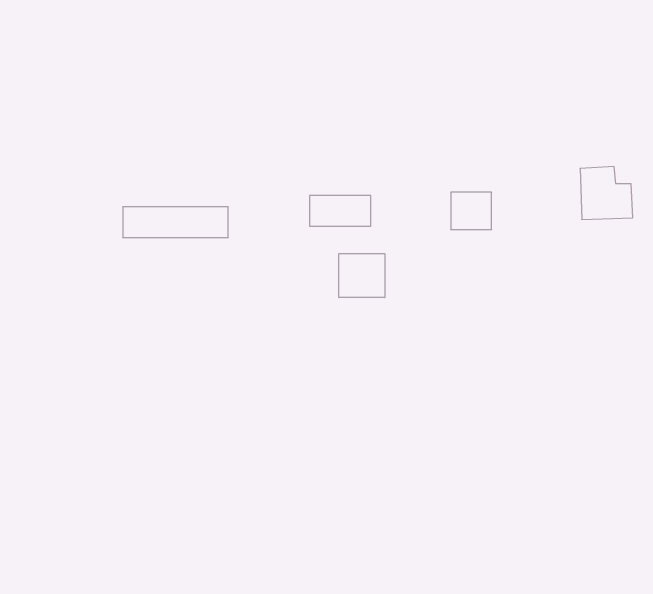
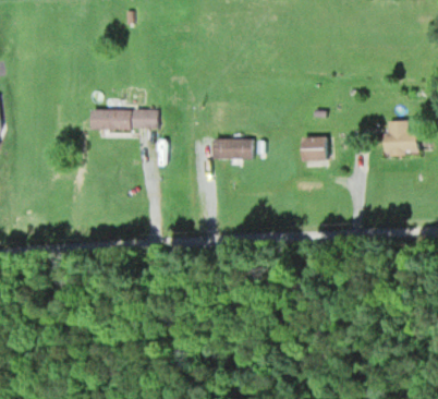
building: [123,207,228,238] -> [90,110,158,130]
building: [339,254,385,298] -> none

